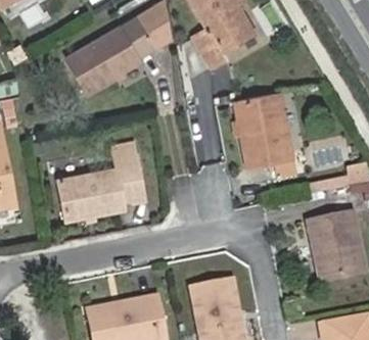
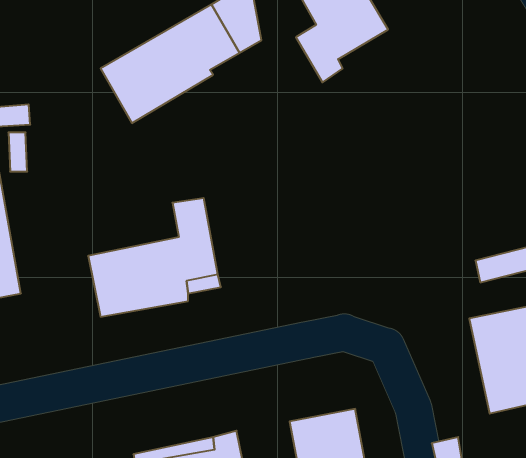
building: [234,92,291,166] -> none

